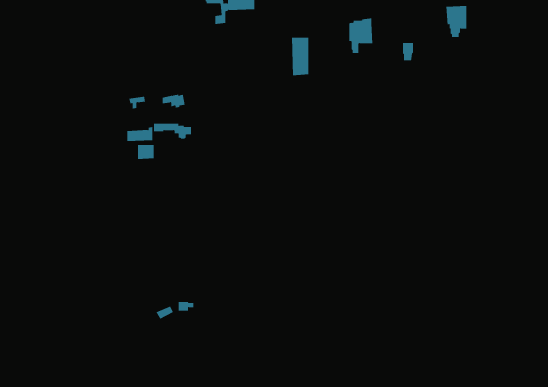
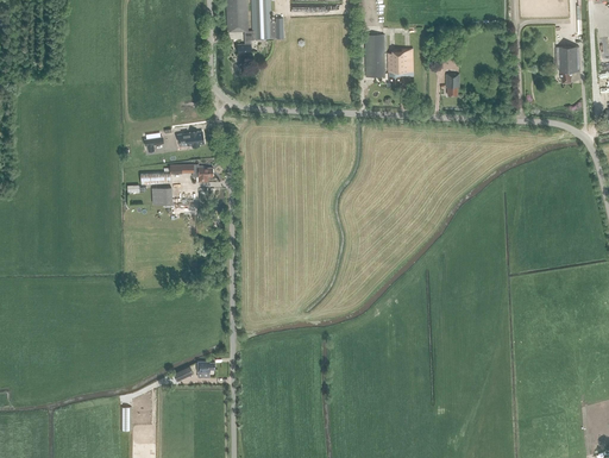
building: [446,5,467,38] -> [555,46,579,82]
building: [291,37,309,76] -> [364,34,384,77]

